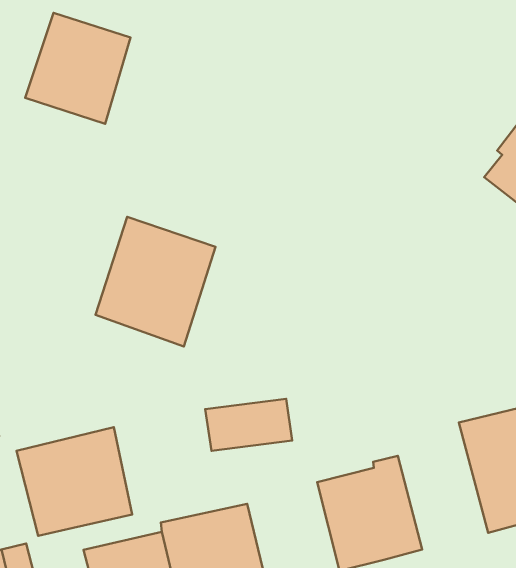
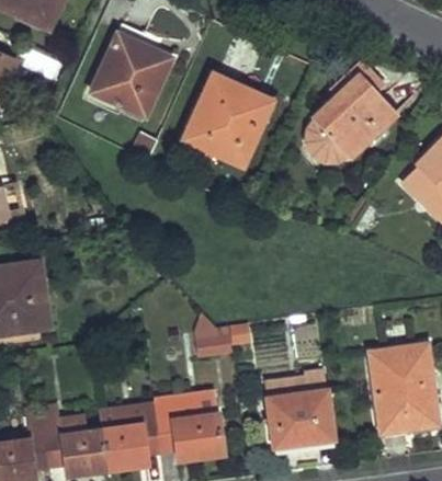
building: none -> [305,77,396,164]
building: [95,217,216,346] -> [183,75,272,169]
building: [17,427,132,536] -> none

